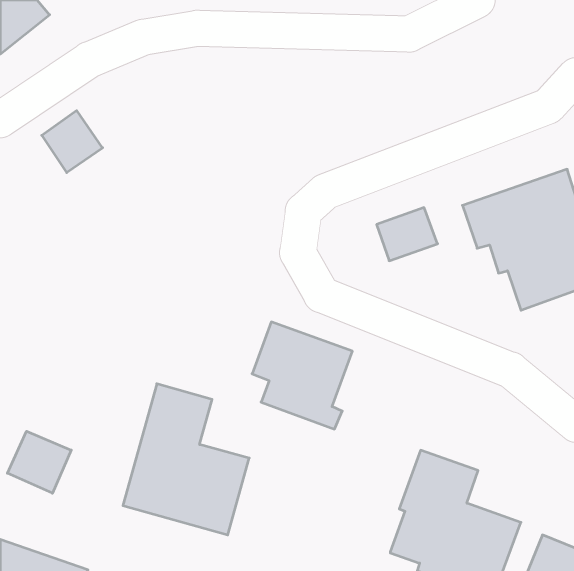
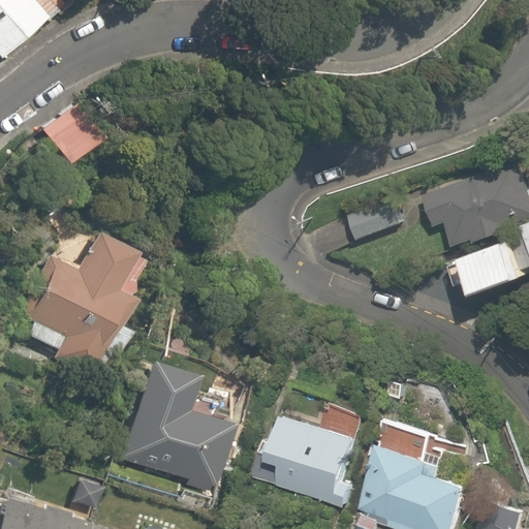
building: none -> [14,231,145,384]
building: [252,322,352,429] -> [272,412,364,510]
building: [7,431,71,493] -> none

